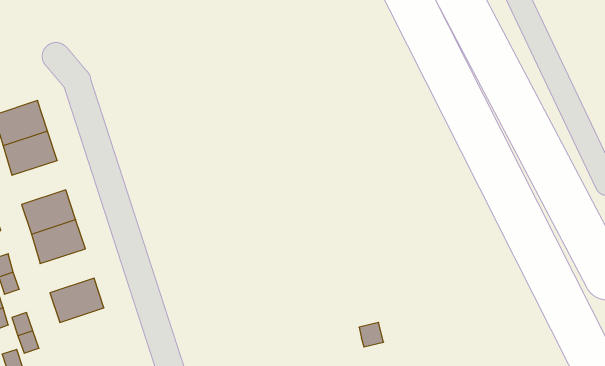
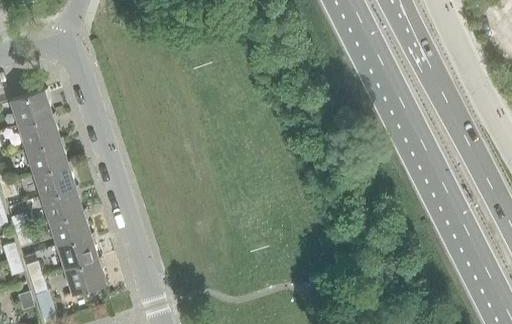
building: none -> [24,139,68,175]
building: none -> [47,211,91,247]
building: none -> [63,259,107,296]

